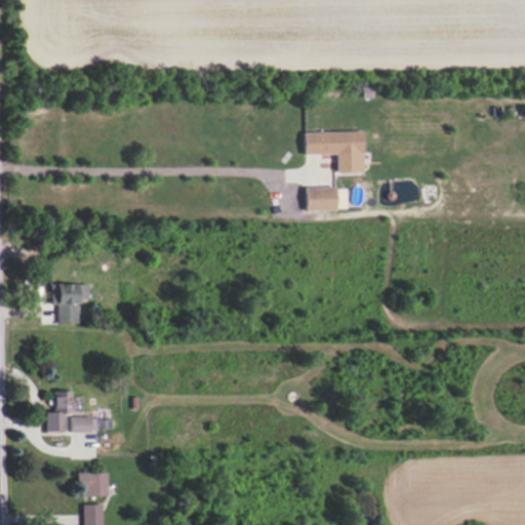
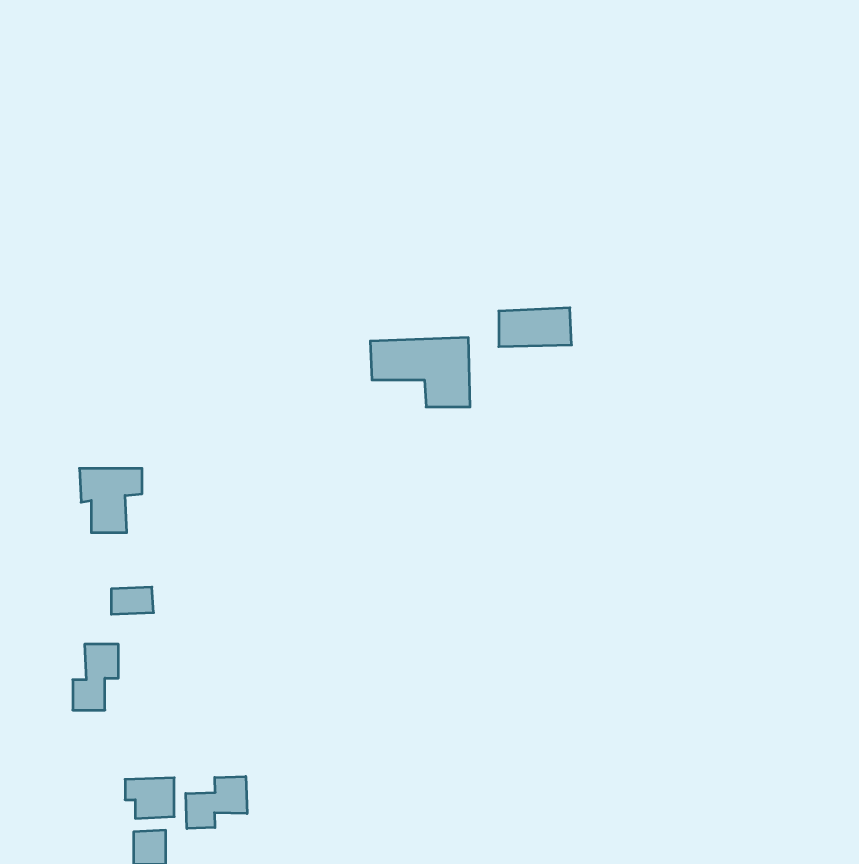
building: [304,130,364,172] -> [370,338,470,407]
building: [73,416,98,433] -> [111,587,154,614]
building: none -> [186,776,247,829]

